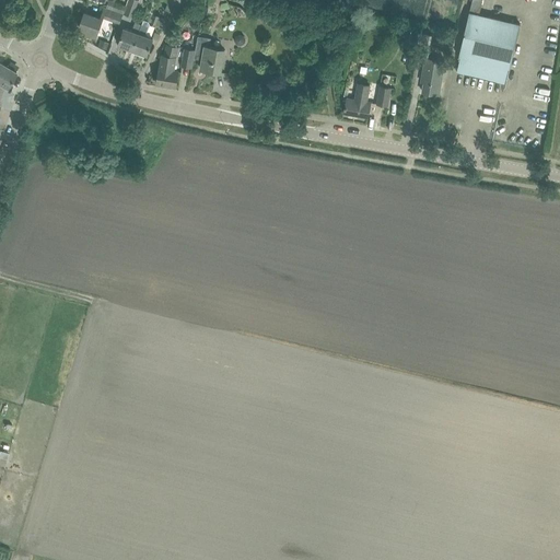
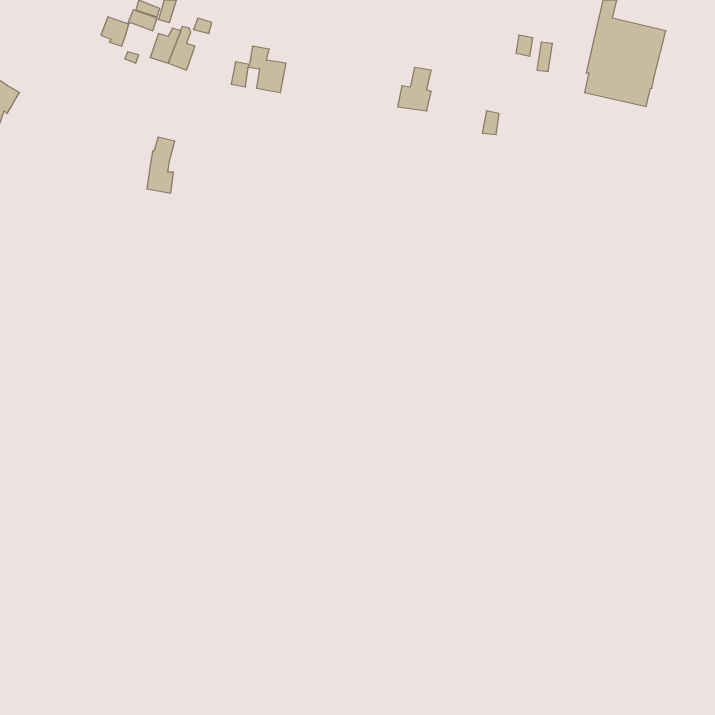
building: [156,45,178,89] -> [147,137,175,193]
building: [420,59,444,96] -> none
building: [343,84,370,118] -> [398,68,431,111]

